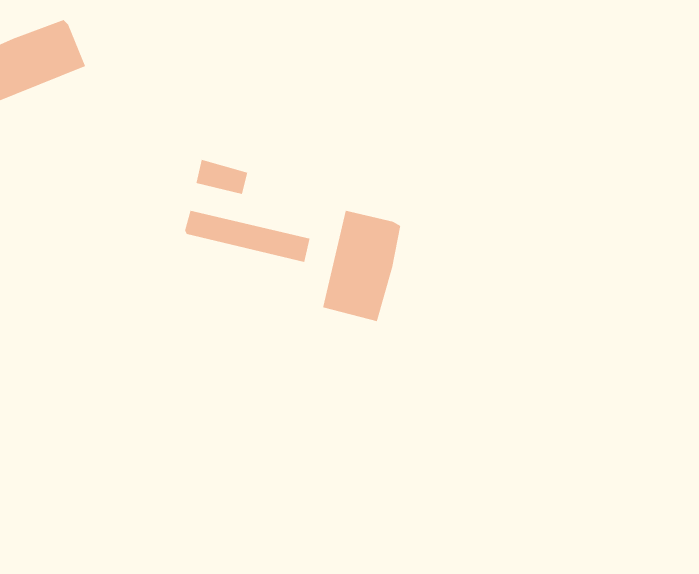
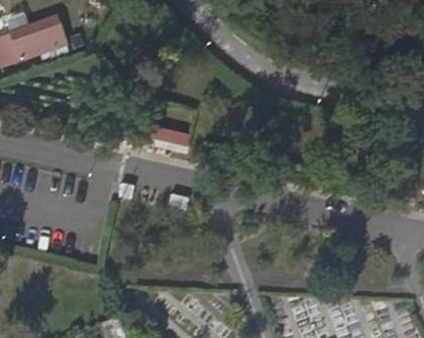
building: [322,210,401,322] -> none

